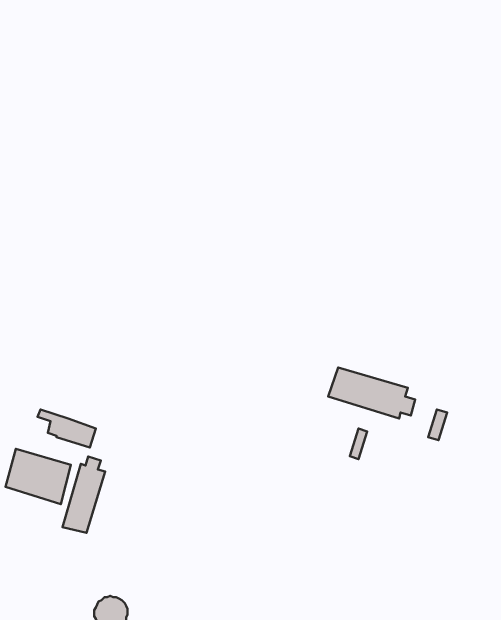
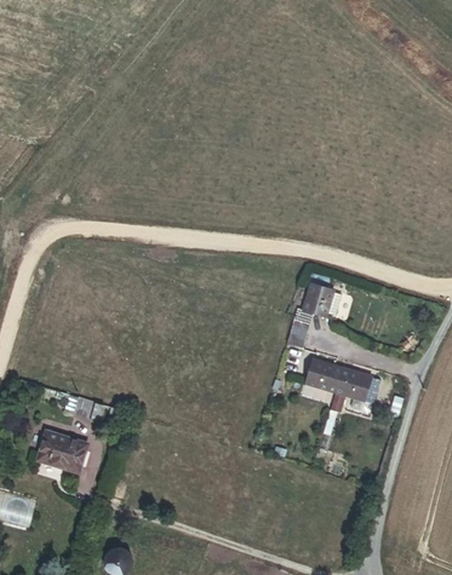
building: none -> [286,283,341,349]
building: [63,457,105,533] -> none

